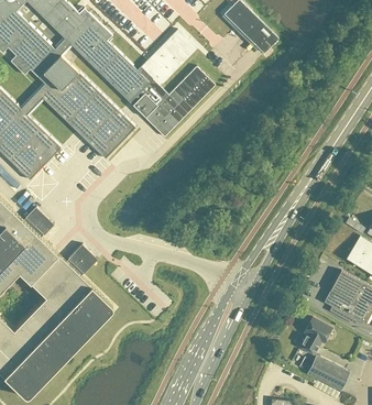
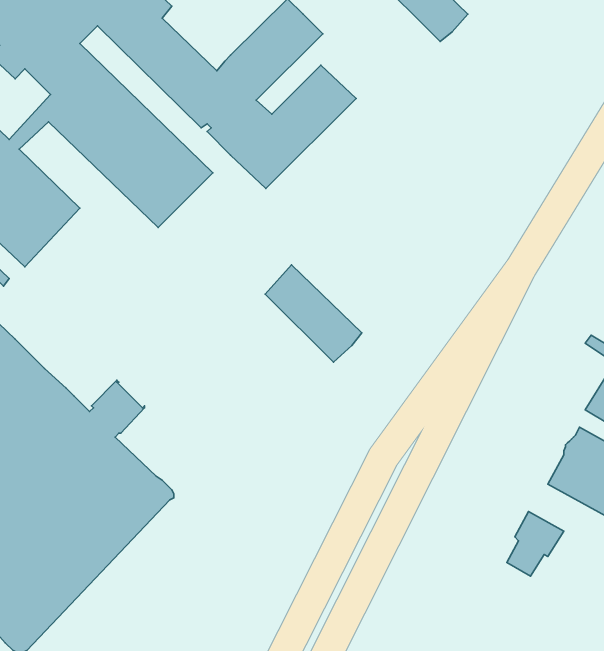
building: none -> [265,265,362,362]
building: [307,357,350,391] -> none

